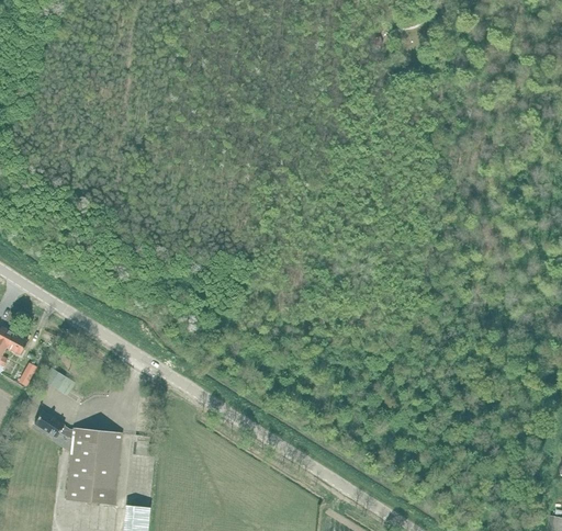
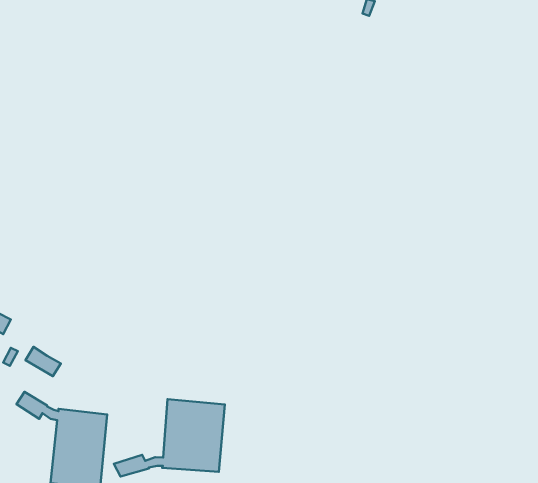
building: none -> [114,399,225,477]

